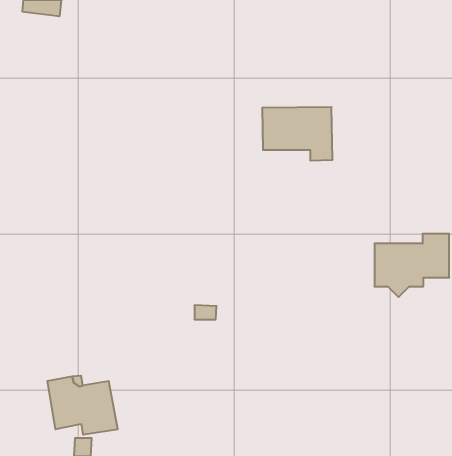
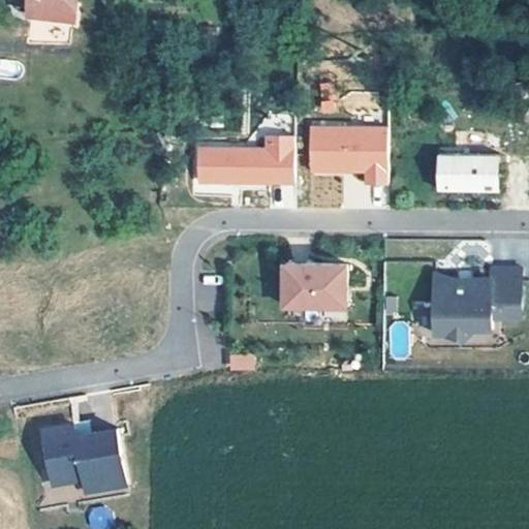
building: none -> [191,134,290,184]
building: none -> [437,155,496,192]
building: none -> [283,263,347,308]

